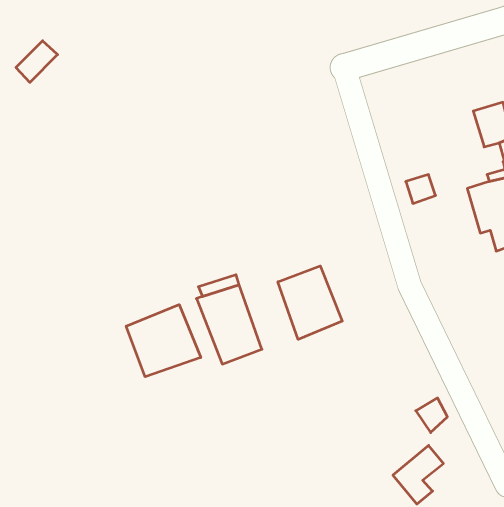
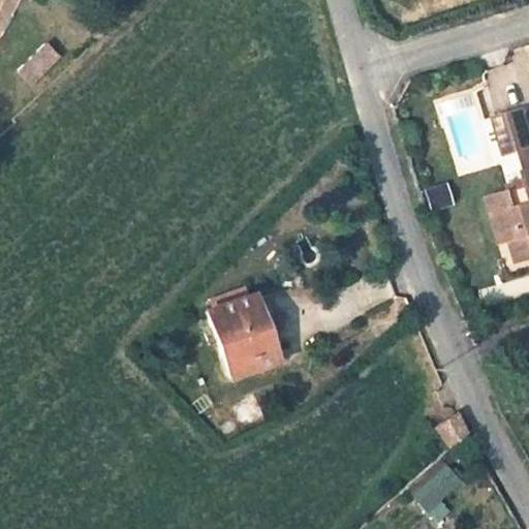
building: [278,266,342,339] -> none
building: [126,305,201,377] -> none

